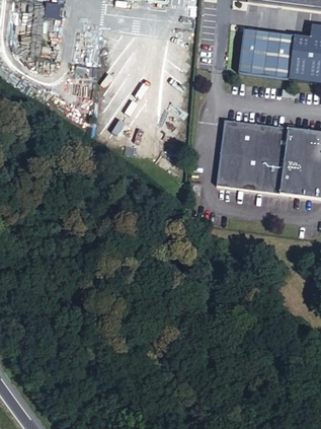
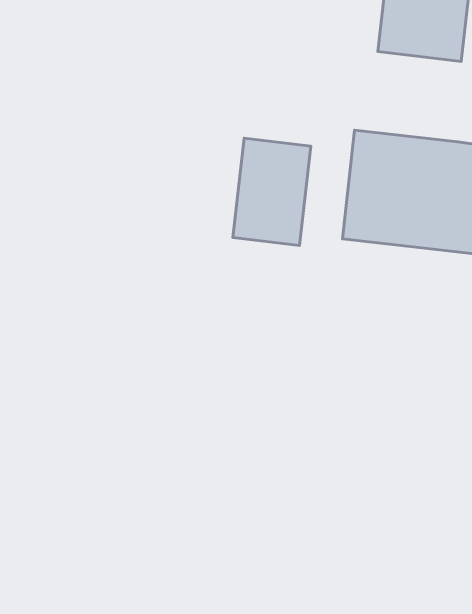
building: none -> [233,138,311,246]

